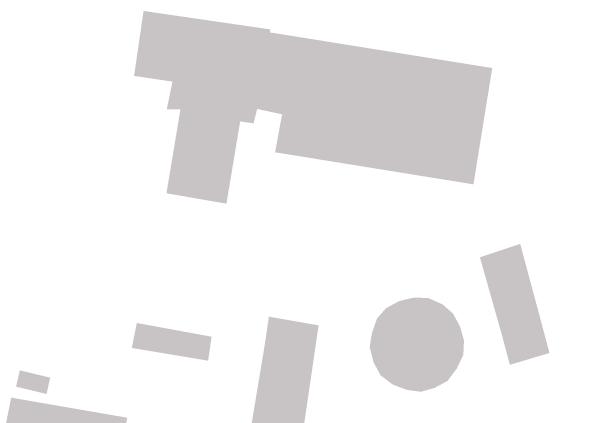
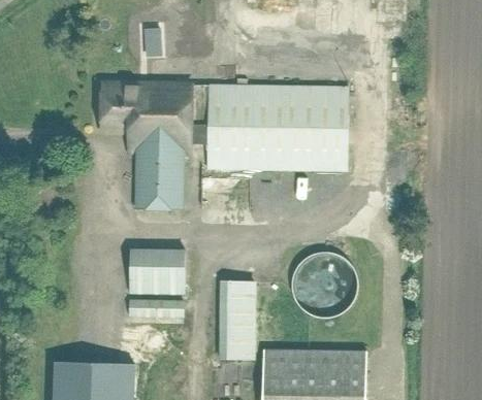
building: [479,243,550,366] -> none
building: none -> [130,248,185,293]

